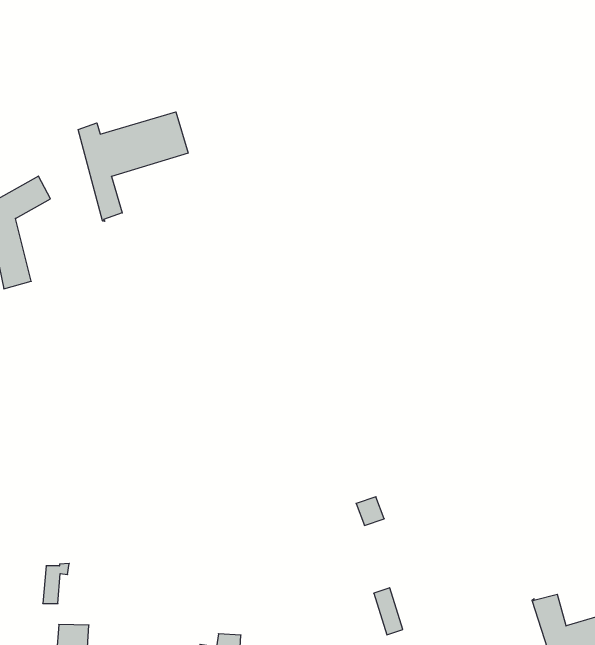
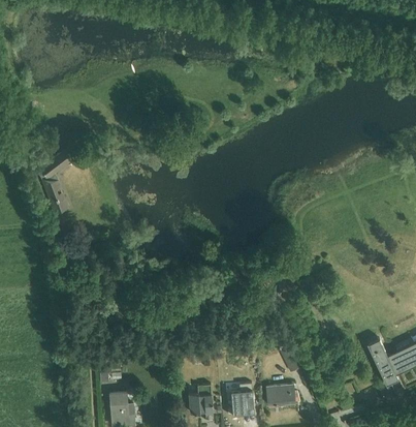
building: [78,112,188,221] -> none

